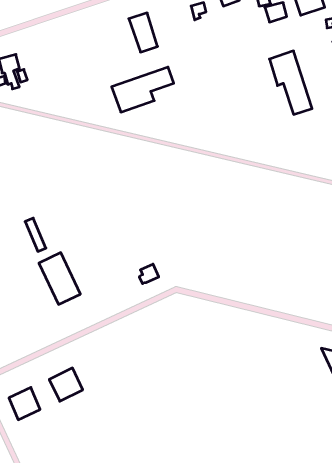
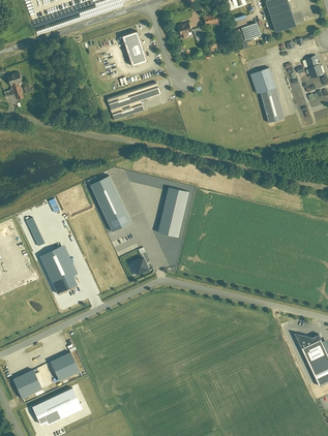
building: none -> [89,174,132,230]
building: none -> [156,187,189,239]
building: none -> [32,387,83,425]

